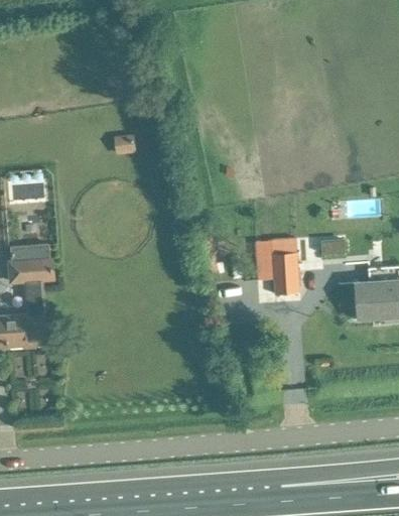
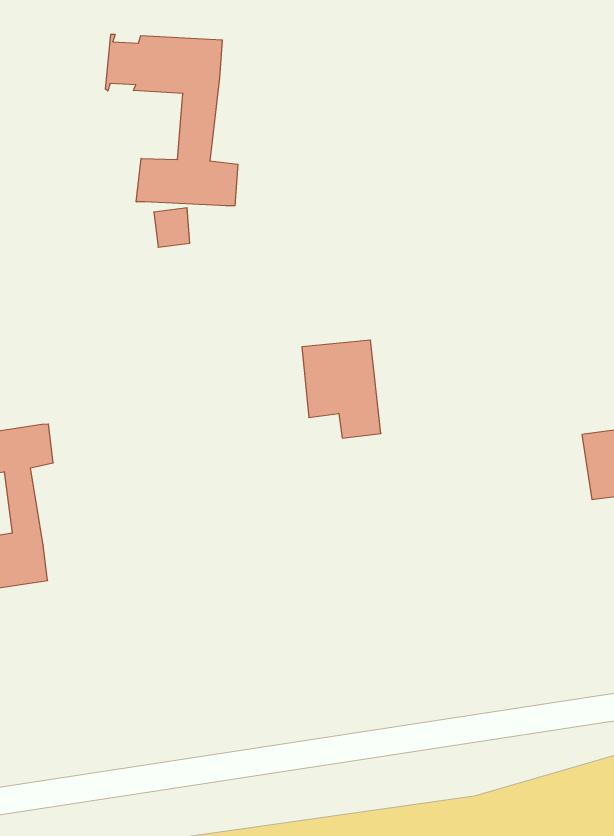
building: none -> [106,34,238,206]
building: [254,239,295,293] -> [302,340,381,438]

